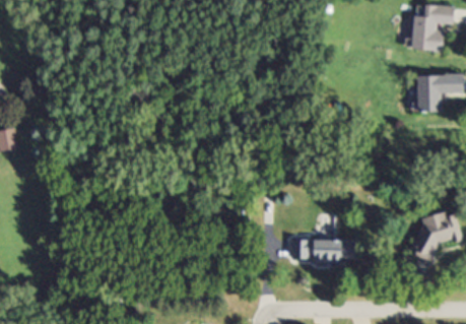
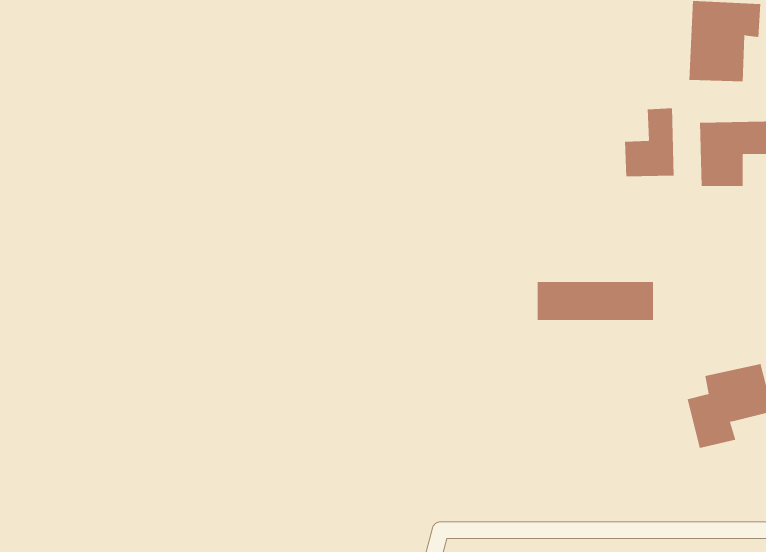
building: none -> [624,108,674,177]
building: [289,240,356,262] -> [537,282,654,321]

